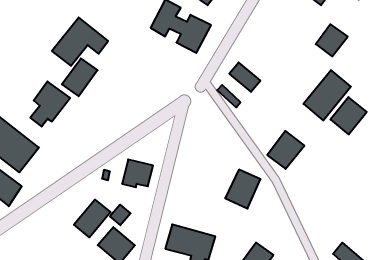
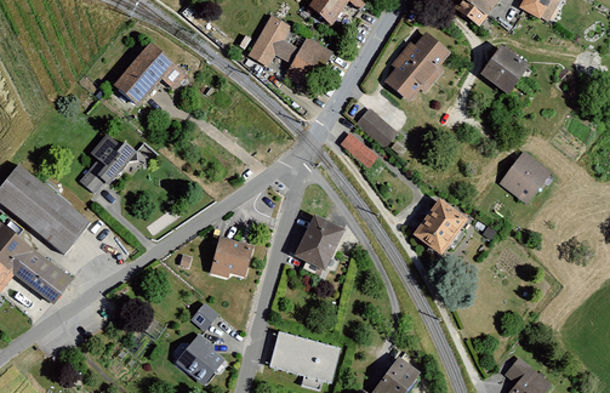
building: [62,58,98,96] -> none
building: [303,70,351,120] -> [384,34,451,104]
building: [225,170,261,209] -> [293,212,343,267]
building: [74,200,111,237] -> none

